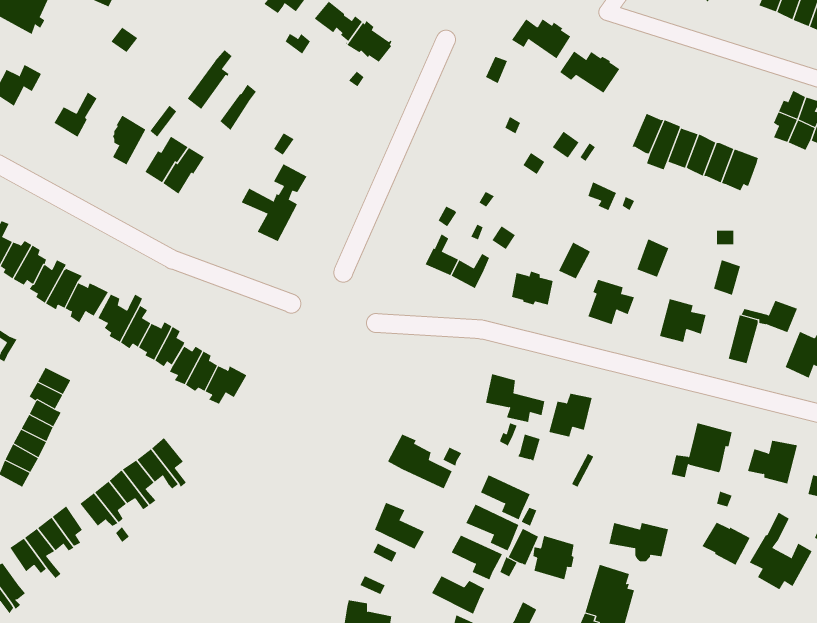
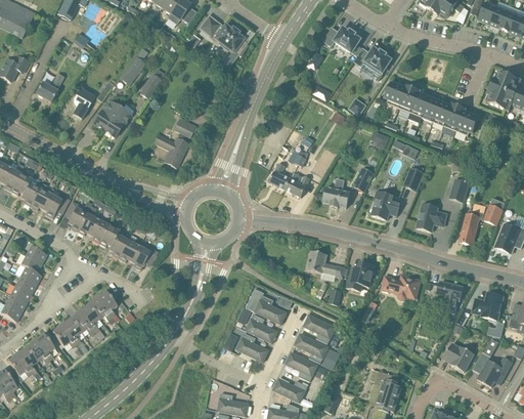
building: none -> [386,80,408,108]
building: none -> [246,312,278,342]
building: [609,523,669,562] -> [382,276,420,300]
building: [533,535,574,580] -> none

